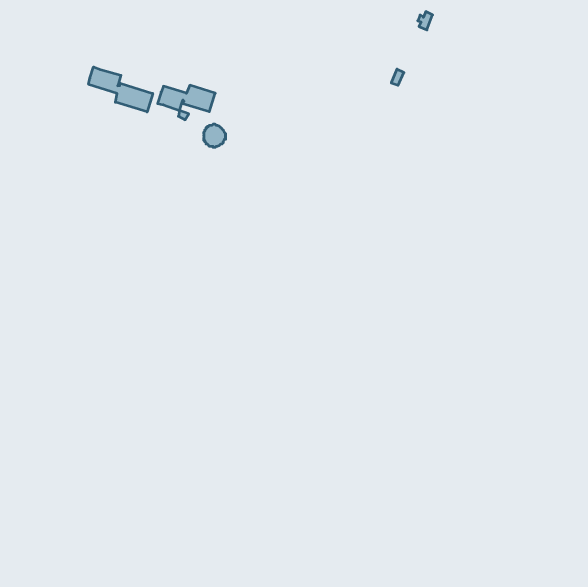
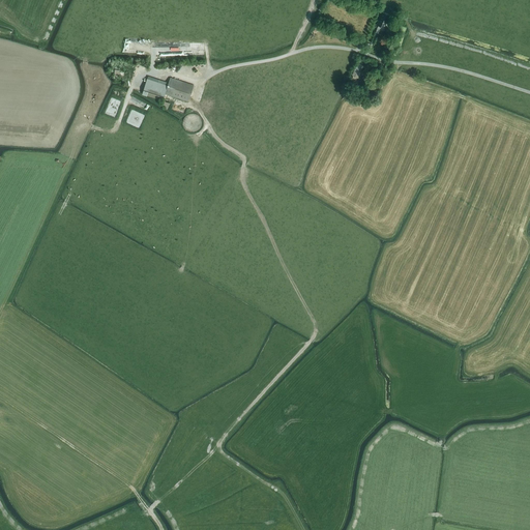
building: [89,67,153,112] -> none

